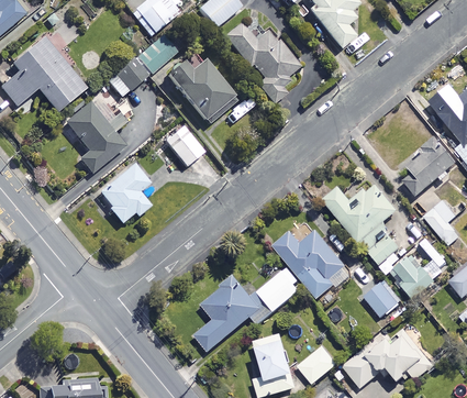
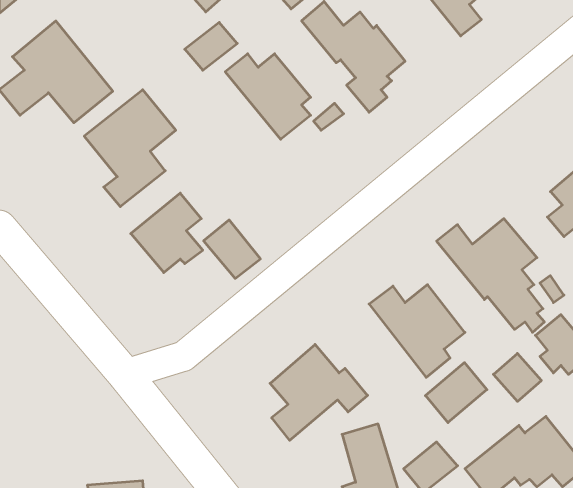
building: [108,59,148,98] -> none
building: [163,122,204,165] -> [204,220,260,278]
building: [257,267,302,311] -> [425,363,487,423]

